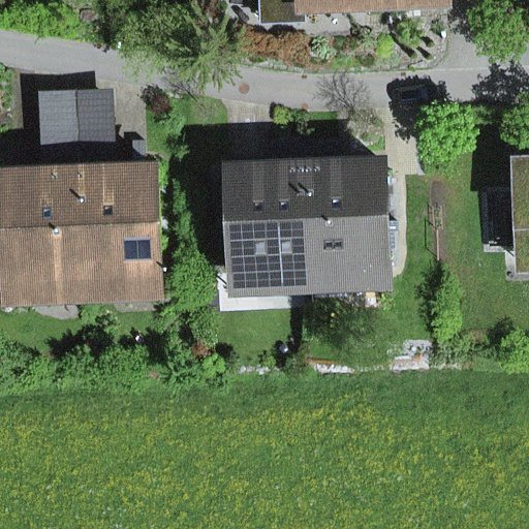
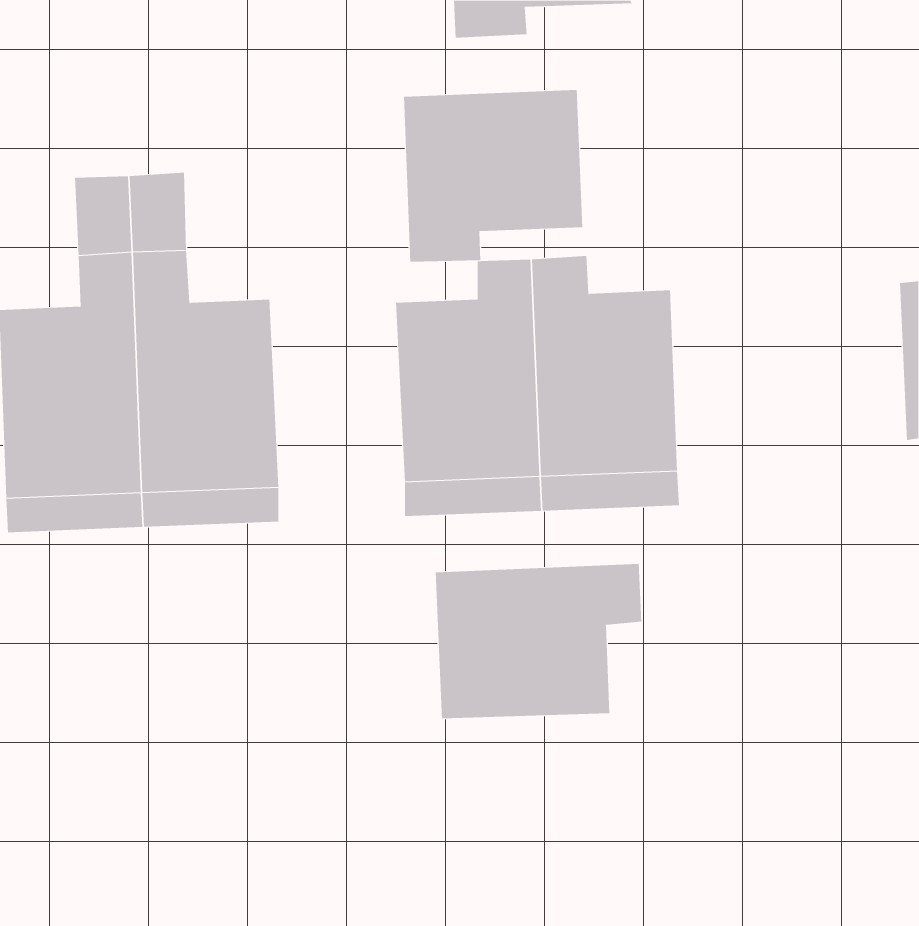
building: none -> [404,89,583,263]
building: none -> [435,563,642,719]

